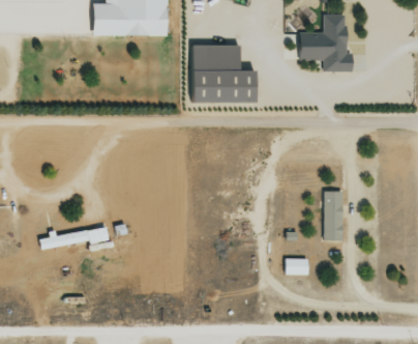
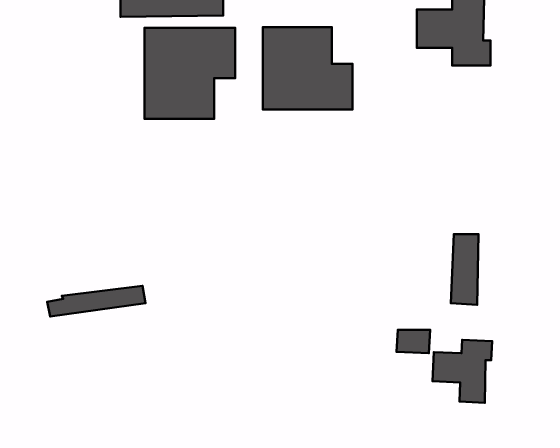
building: none -> [144,28,235,119]
building: none -> [433,340,492,403]

